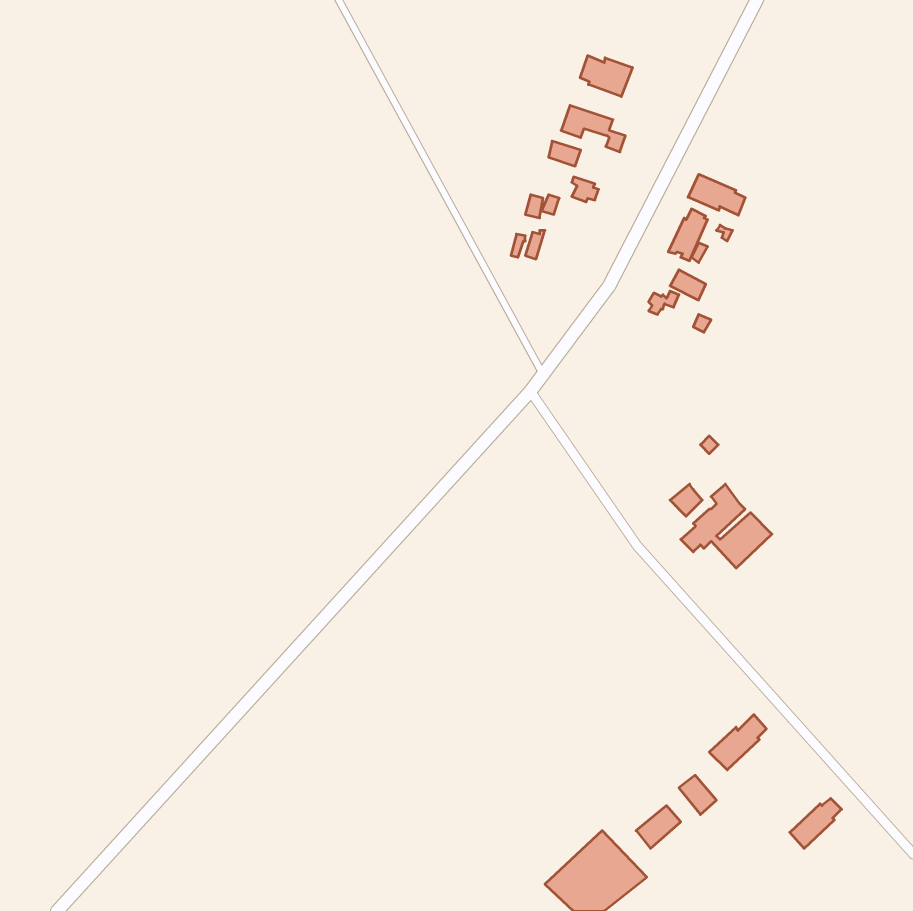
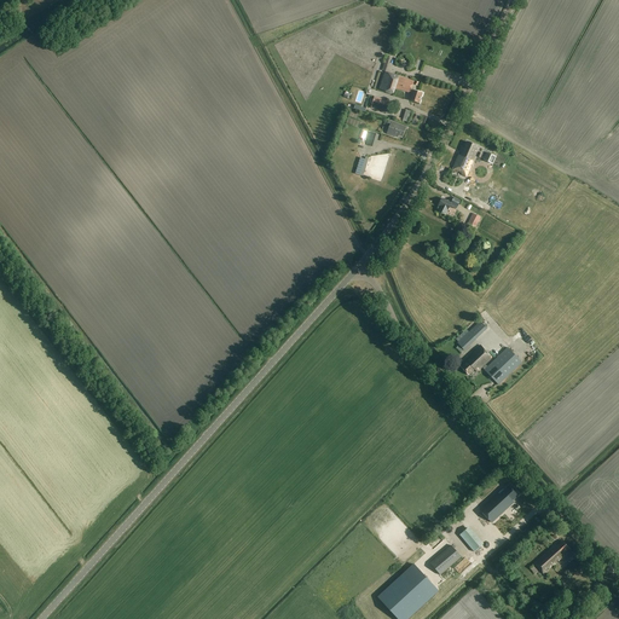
building: [580,56,632,97] -> none
building: [688,174,745,215] -> none

